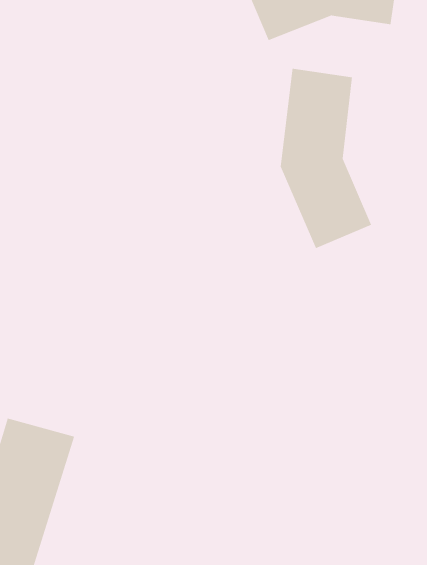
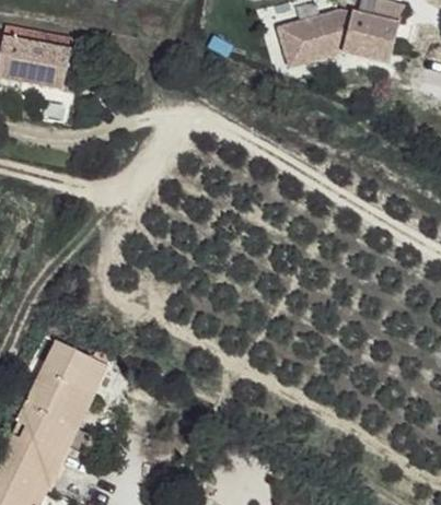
building: [280,68,372,249] -> none

